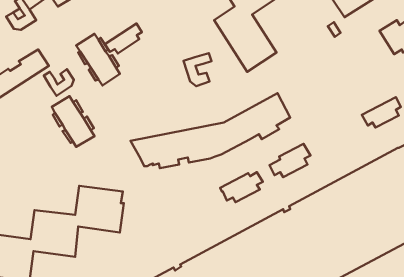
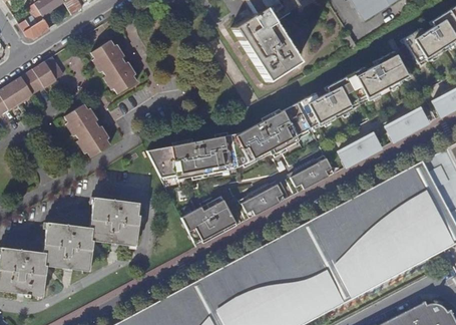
building: [105,24,142,54] -> none
building: none -> [299,50,408,127]
building: [183,53,211,86] -> none
building: [44,69,74,96] -> none
building: none -> [339,131,379,164]
building: none -> [181,196,238,244]

